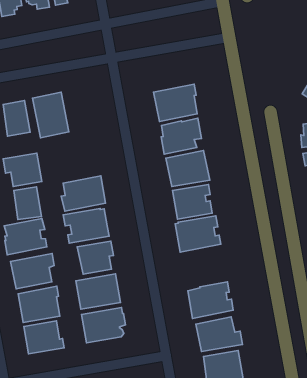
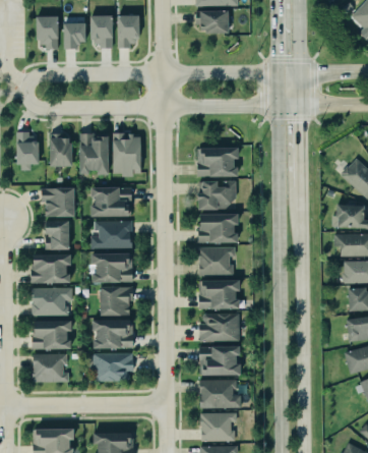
building: none -> [114,134,141,175]
building: none -> [93,187,132,218]
building: none -> [197,313,238,341]

